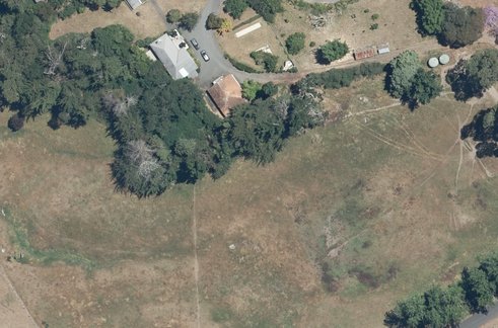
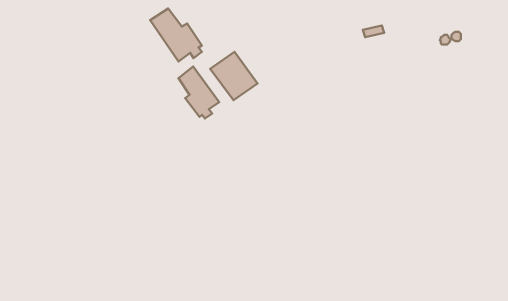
building: none -> [178,67,219,119]

